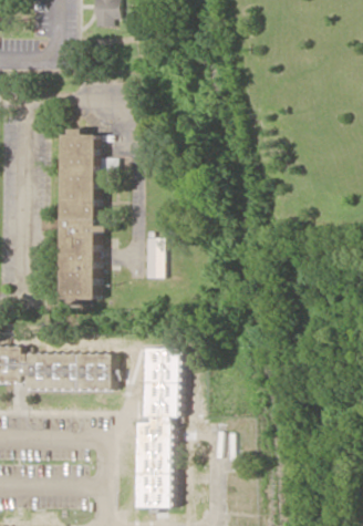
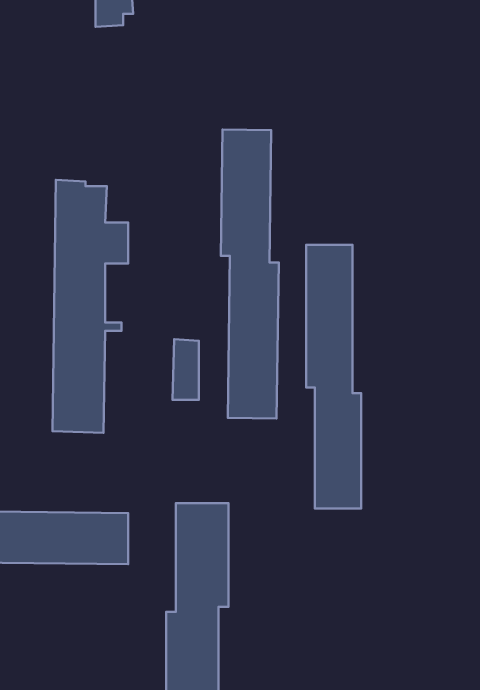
building: none -> [221,130,279,419]
building: none -> [306,245,361,508]

